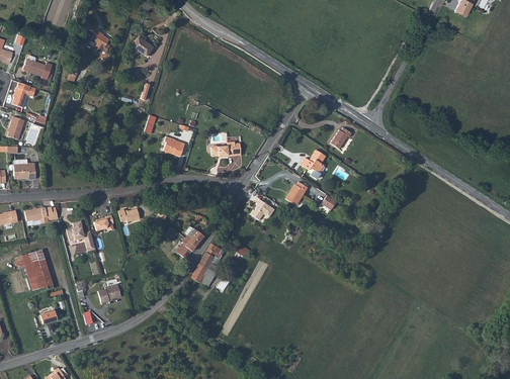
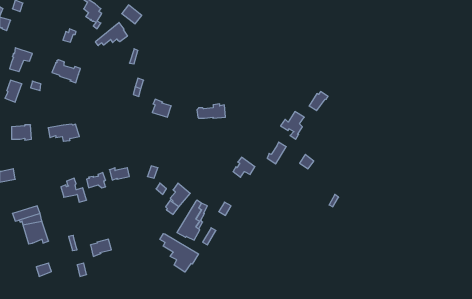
building: none -> [95,22,127,46]
building: [22,56,53,80] -> [52,60,80,83]
building: [25,207,59,225] -> [48,124,79,141]
building: none -> [160,234,199,272]

